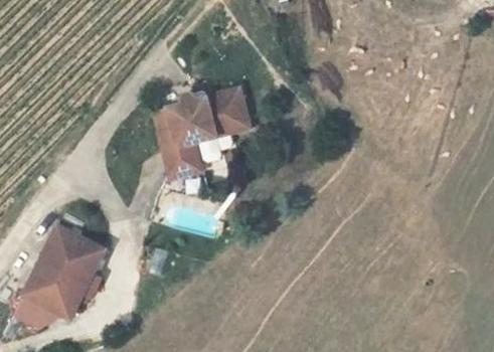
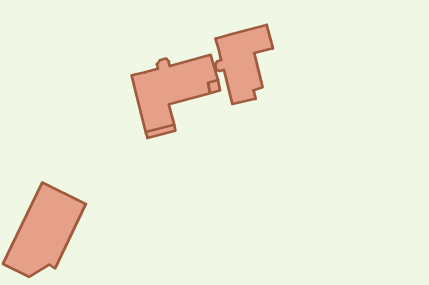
building: none -> [215,25,273,104]

